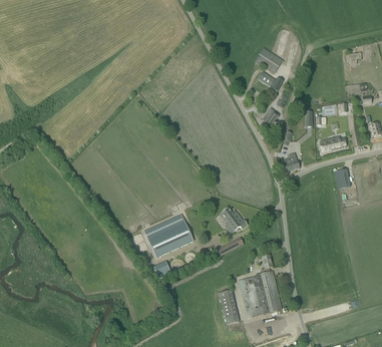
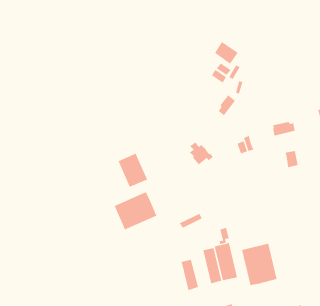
building: none -> [118,153,148,188]
building: [221,207,248,233] -> [189,142,214,165]
building: none -> [241,243,277,286]

